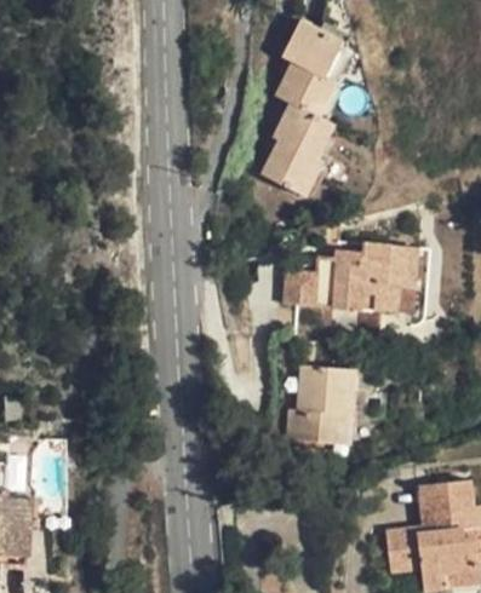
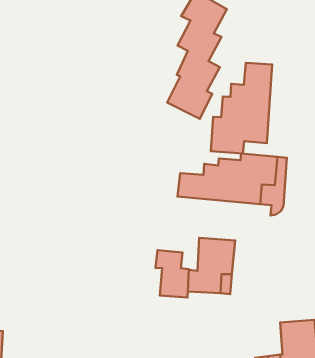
building: none -> [211,63,272,154]
building: none -> [156,250,189,297]

